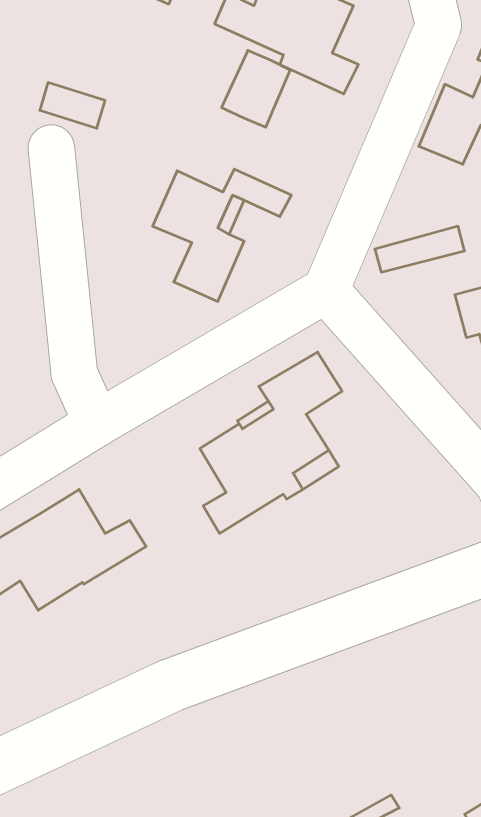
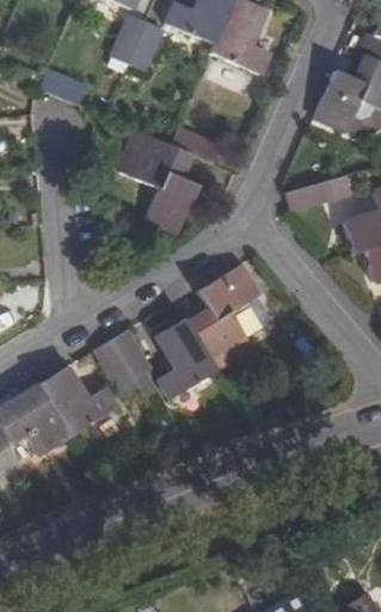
building: [222,50,290,127] -> [113,17,164,73]
building: none -> [96,329,150,387]

